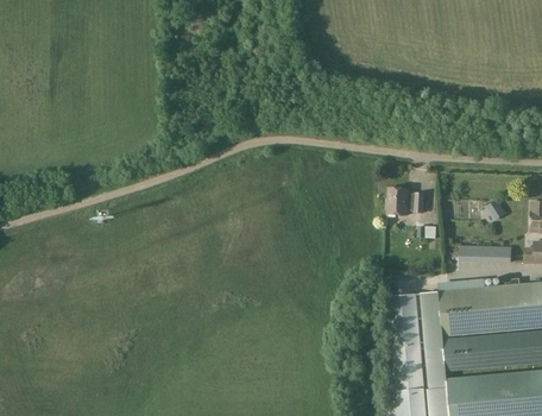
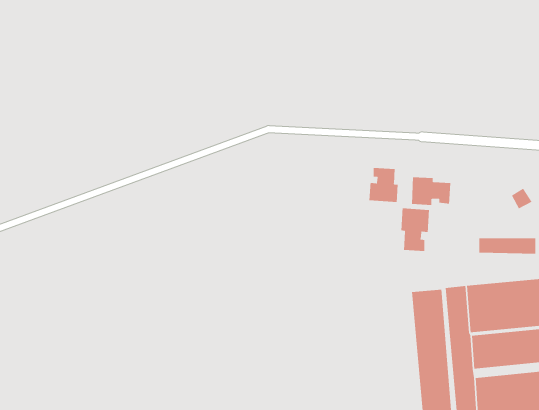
building: none -> [369,167,398,203]
building: none -> [401,208,429,252]

